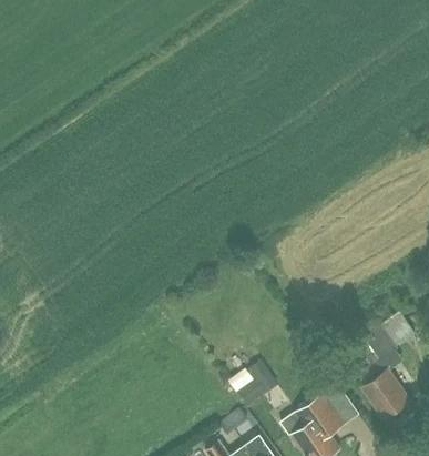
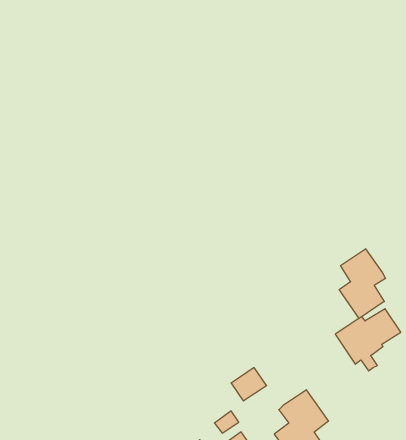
building: none -> [339,249,385,318]
building: [355,362,410,418] -> none

